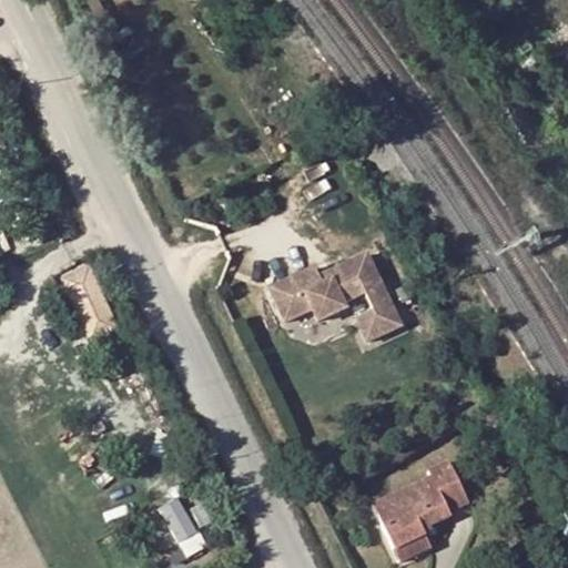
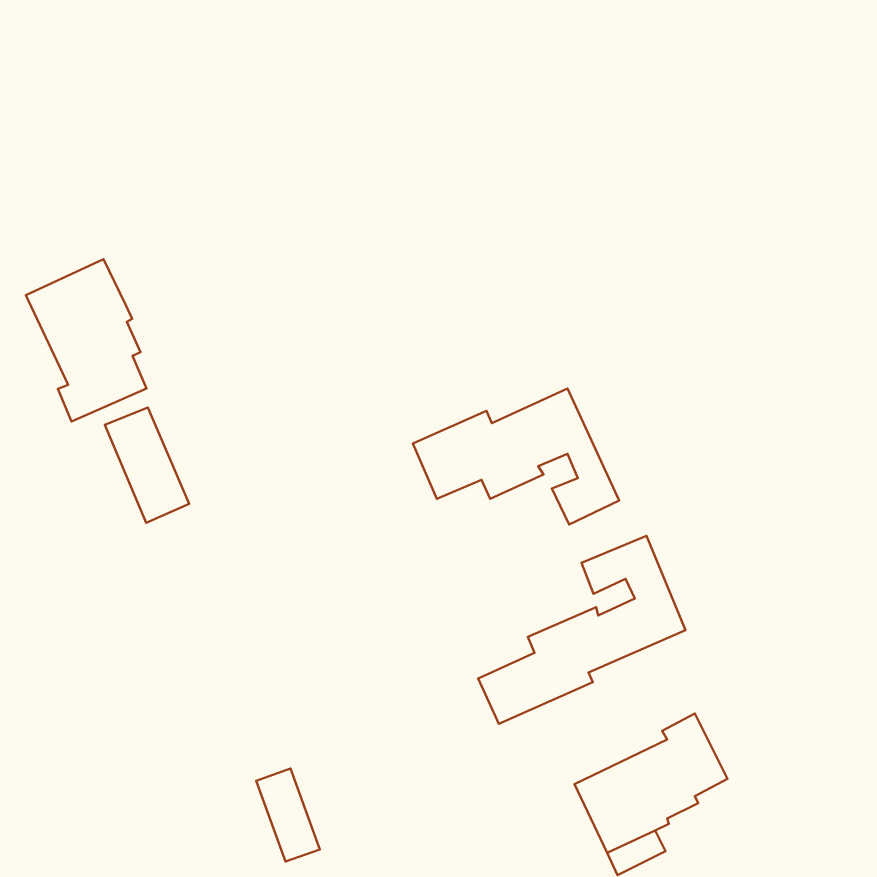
building: none -> [26,259,146,422]
building: none -> [478,536,686,724]

